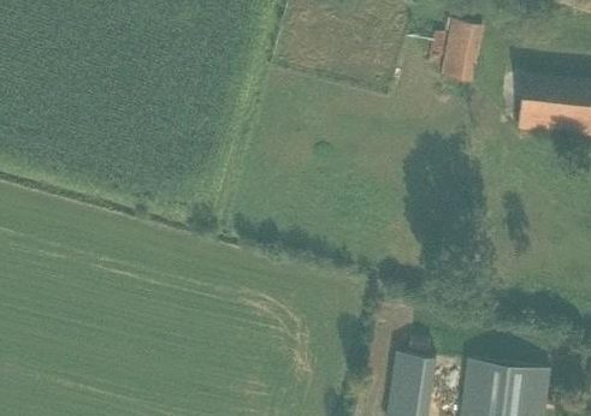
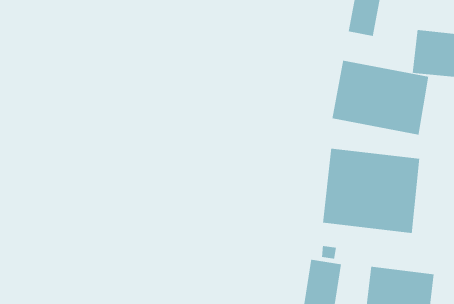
building: none -> [332,60,429,136]
building: none -> [322,148,420,234]

